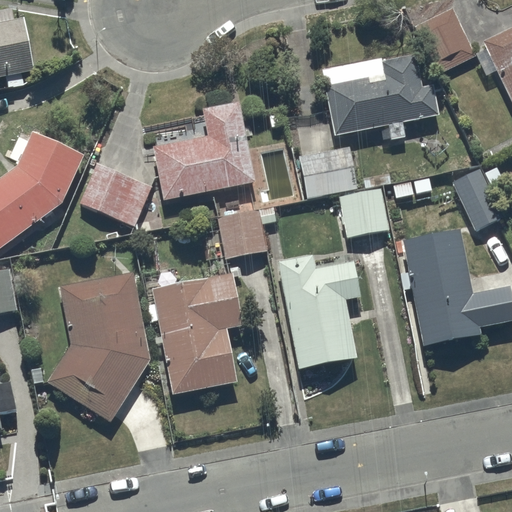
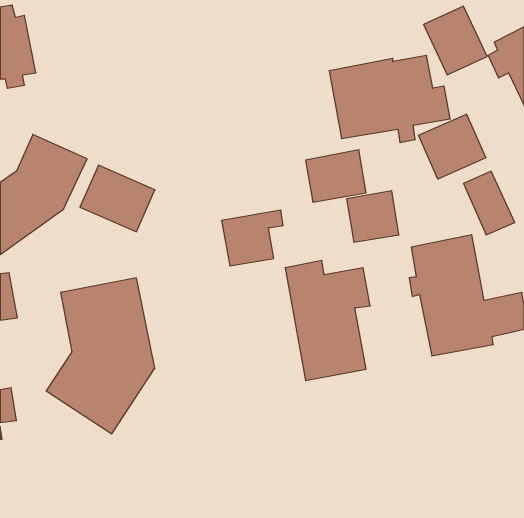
building: [151,102,255,201] -> none
building: none -> [419,114,486,179]
building: [151,272,242,395] -> none

